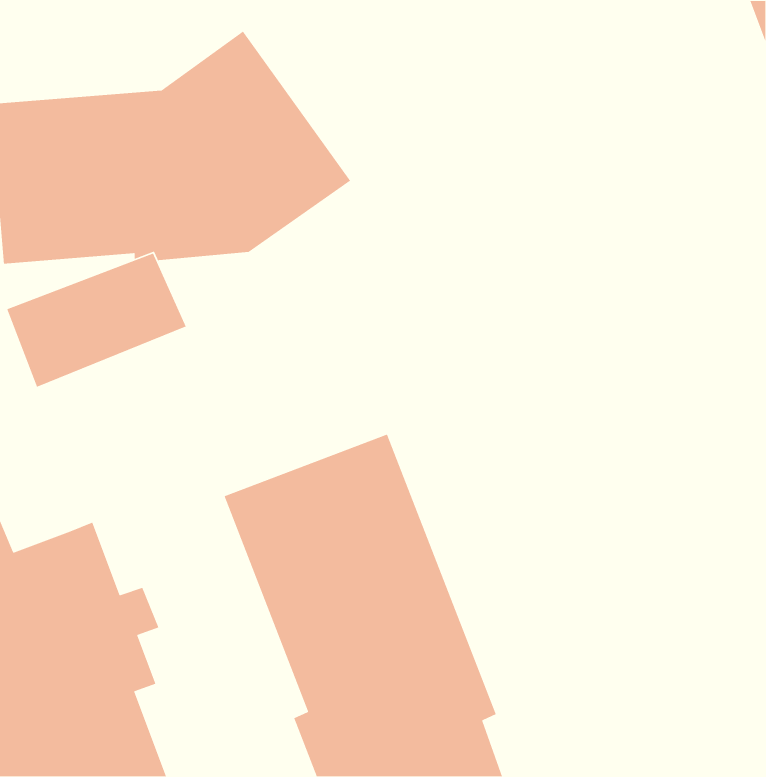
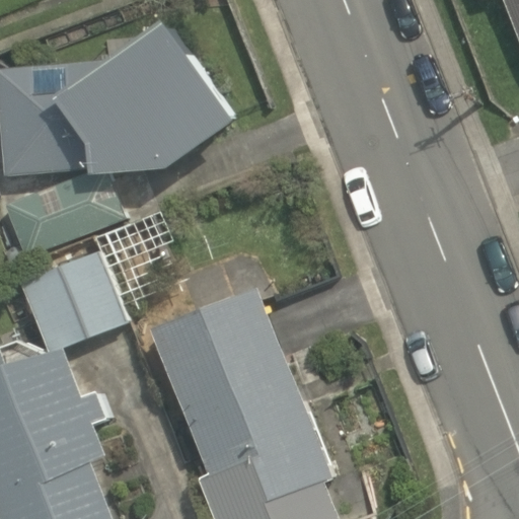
building: none -> [19,251,128,354]

